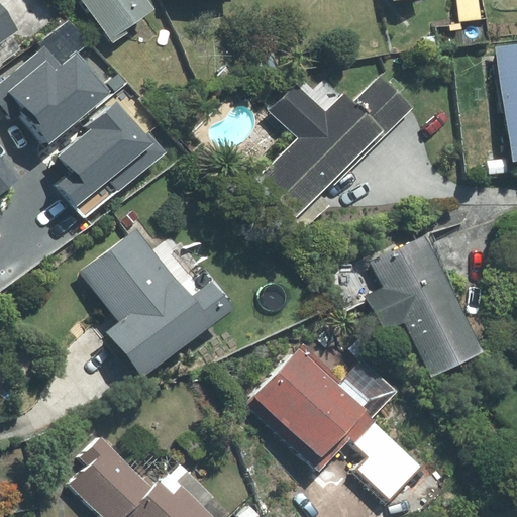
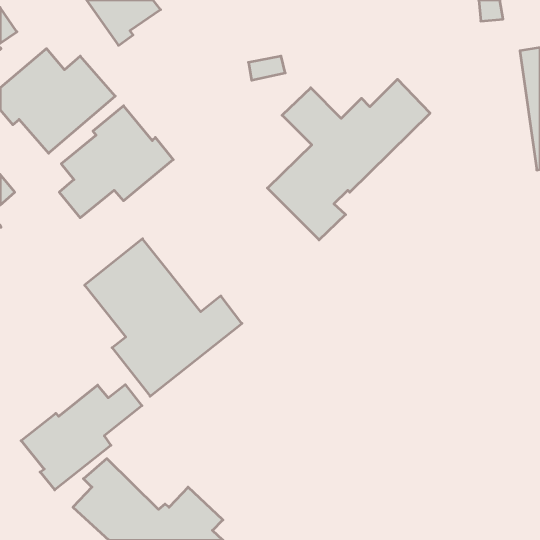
building: [369,239,480,374] -> none
building: [244,346,418,496] -> none
building: none -> [21,385,142,490]

